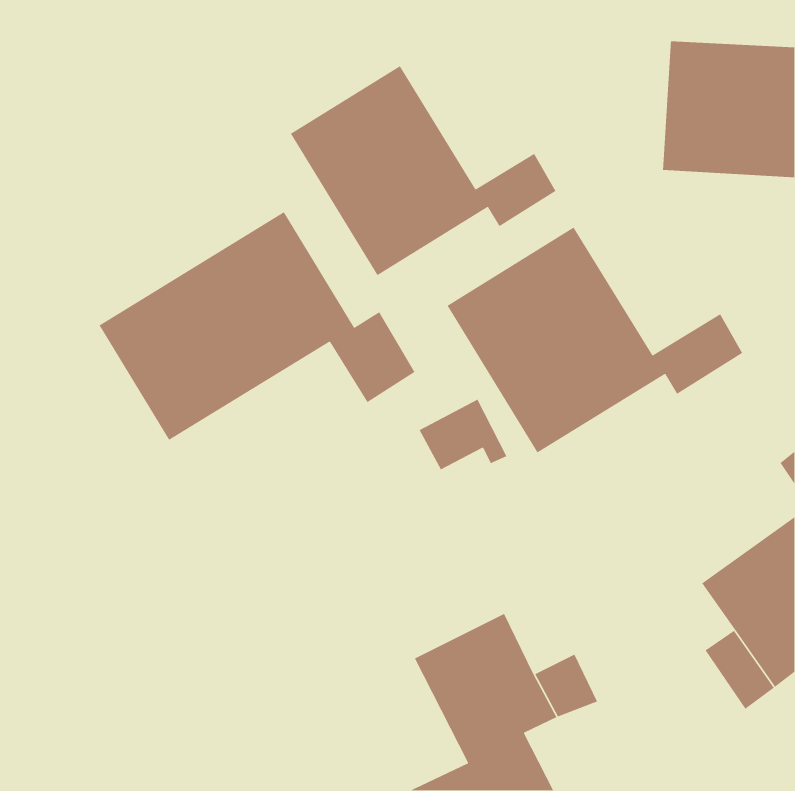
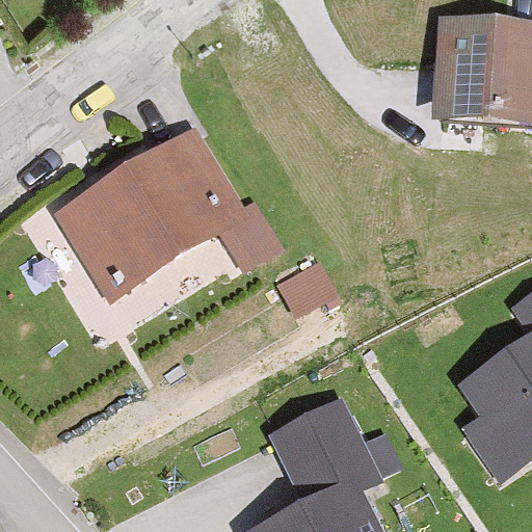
building: [290,65,556,276] -> none
building: [446,227,743,454] -> none

